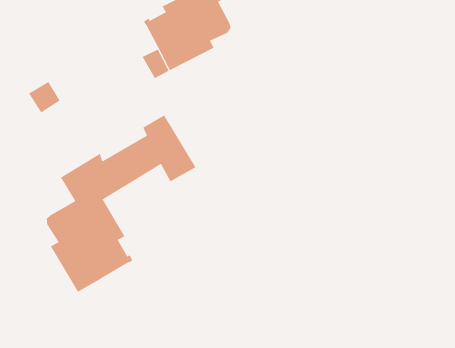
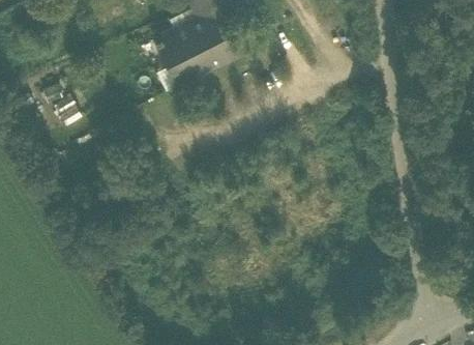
building: [46,114,196,293] -> none

